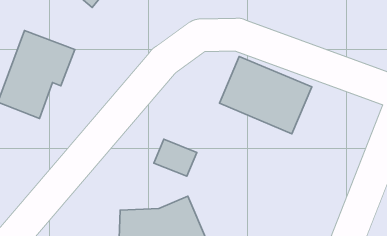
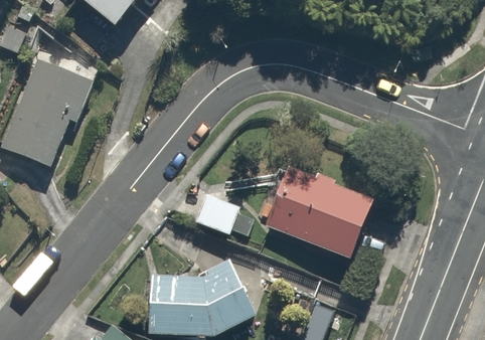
building: [219,56,312,134] -> [264,167,376,262]

